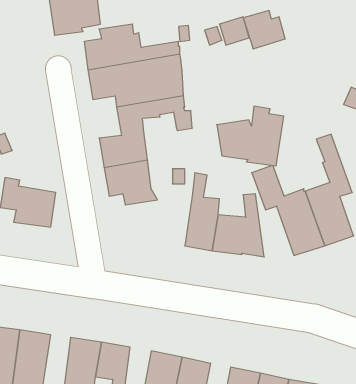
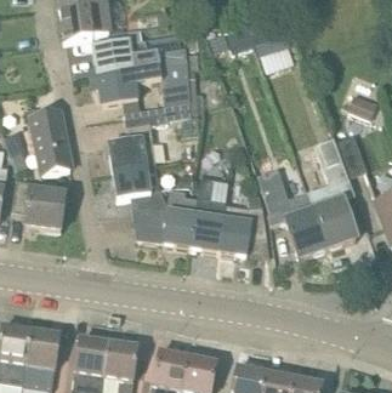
building: none -> [30,108,70,172]
building: [217,106,284,166] -> [133,188,199,246]

